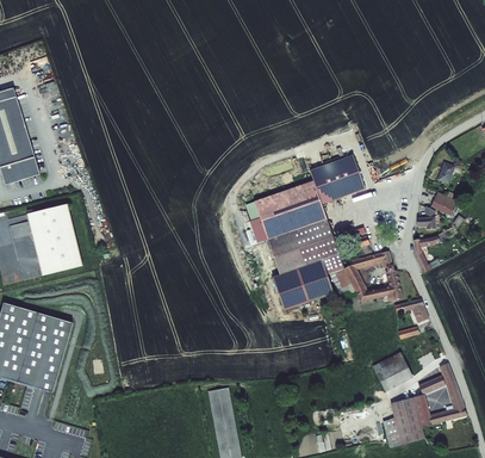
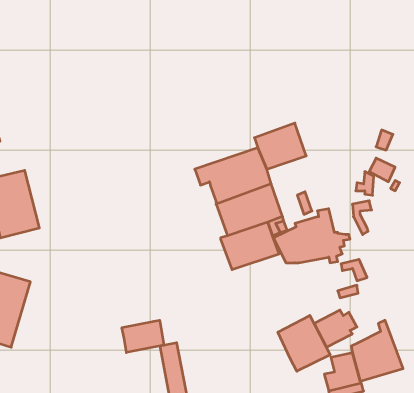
building: none -> [278,315,330,371]
building: none -> [122,320,164,353]

